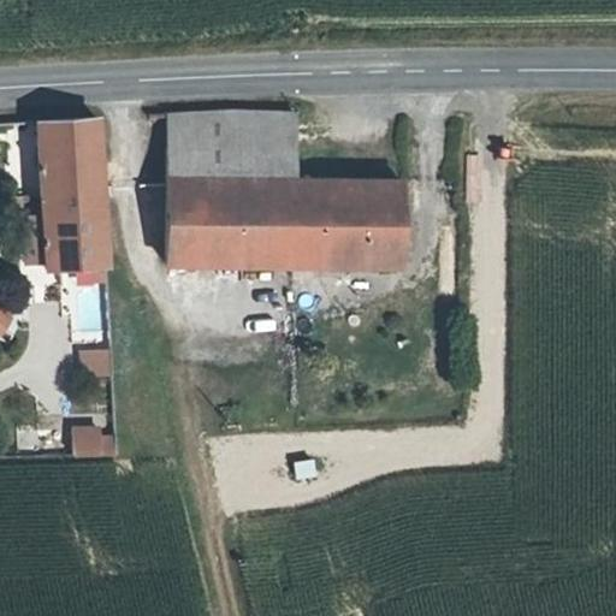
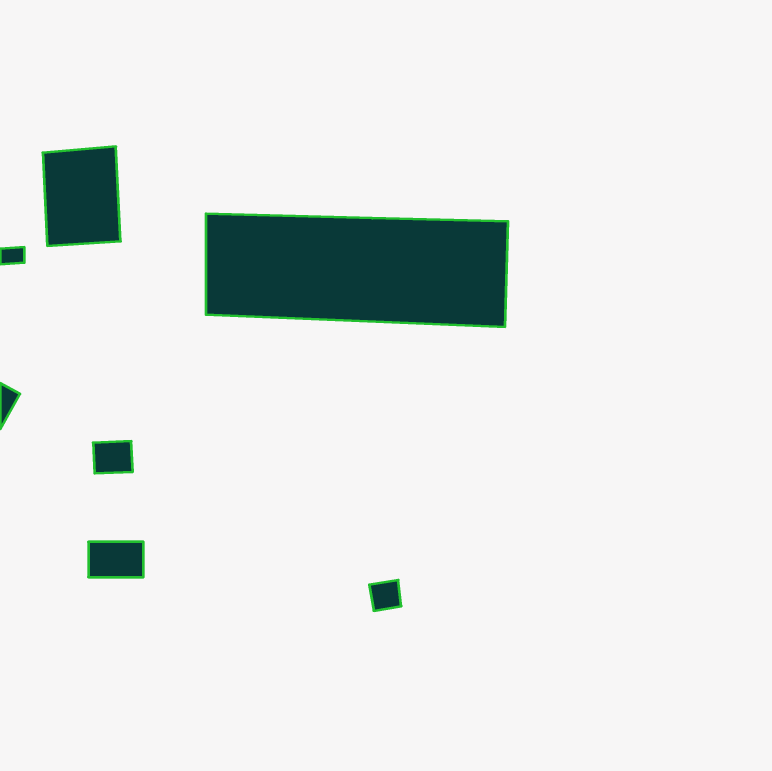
building: [167,113,300,179] -> none
building: [43,197,105,274] -> none

